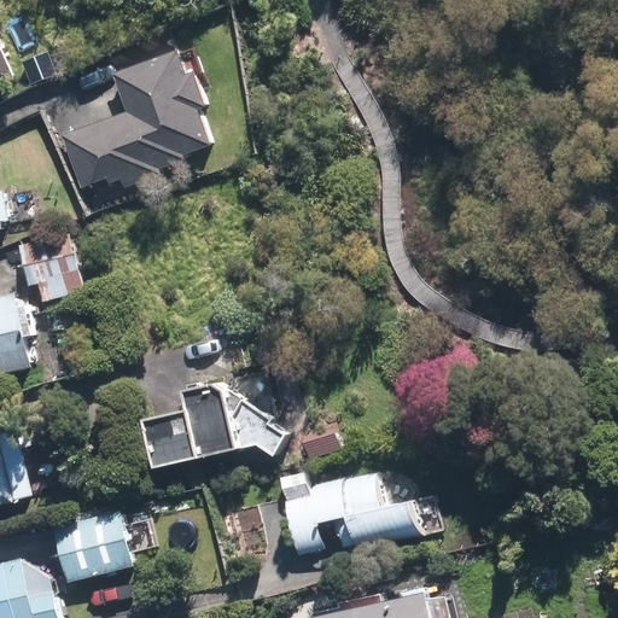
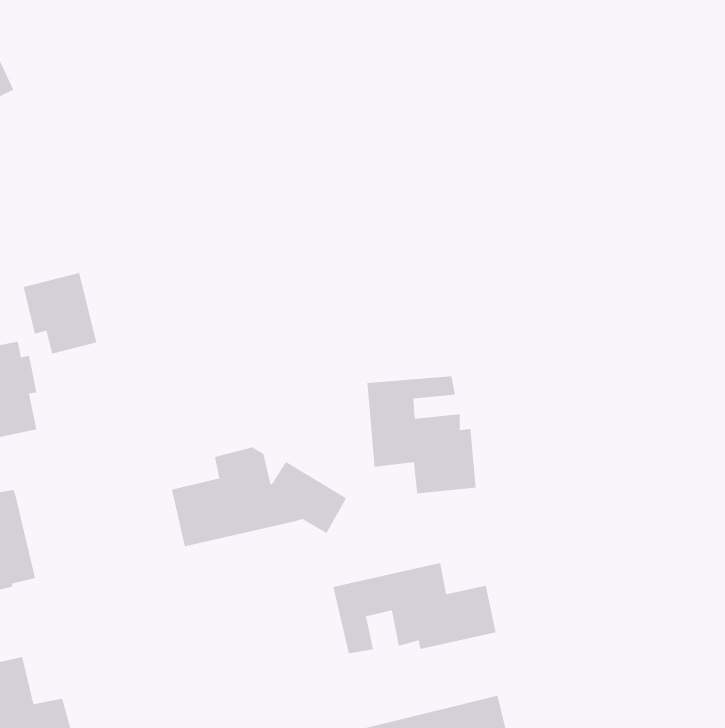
building: [60,52,210,190] -> none
building: none -> [367,376,476,494]
building: [57,513,134,581] -> none

